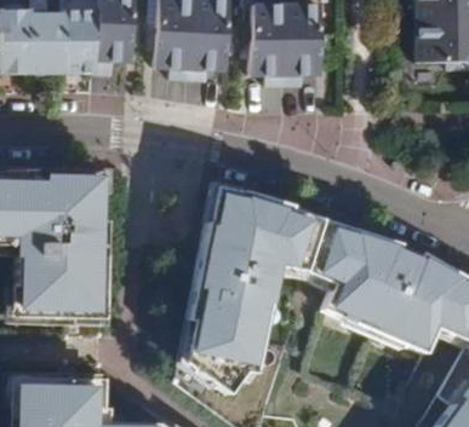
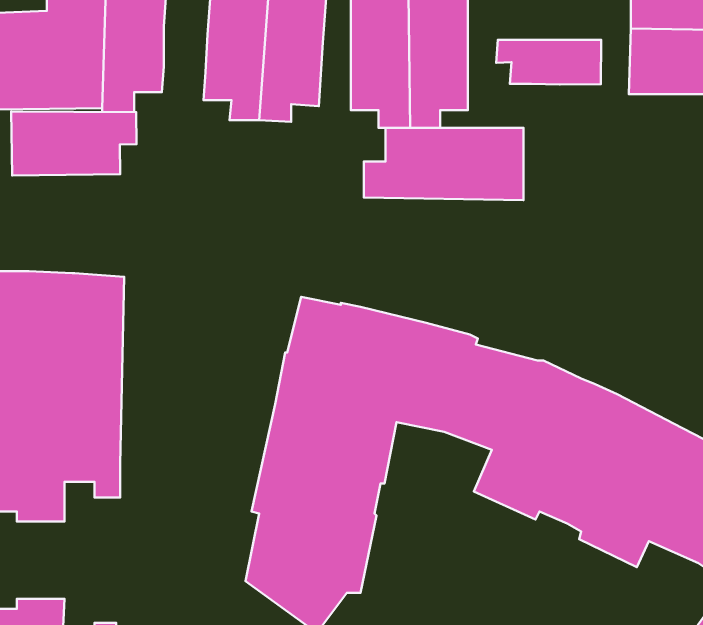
building: none -> [496,40,601,84]
building: none -> [11,112,137,176]
building: none -> [364,128,524,200]

